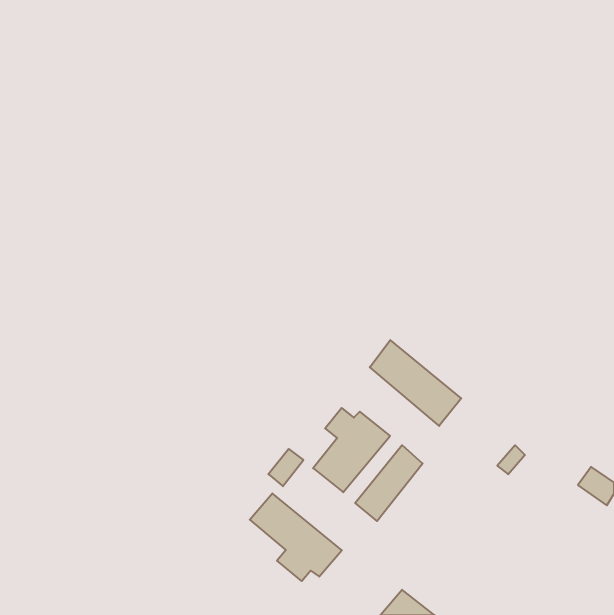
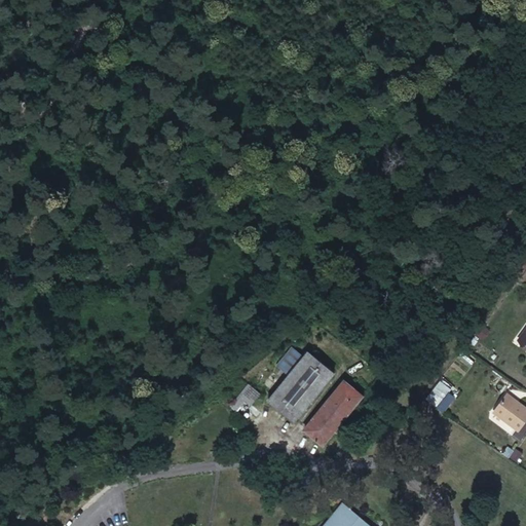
building: [370,340,461,426] -> none
building: [250,493,342,581] -> none

